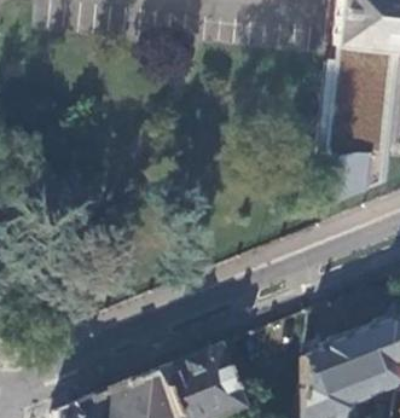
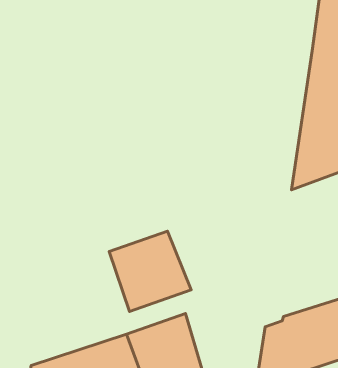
building: none -> [109,231,191,311]

